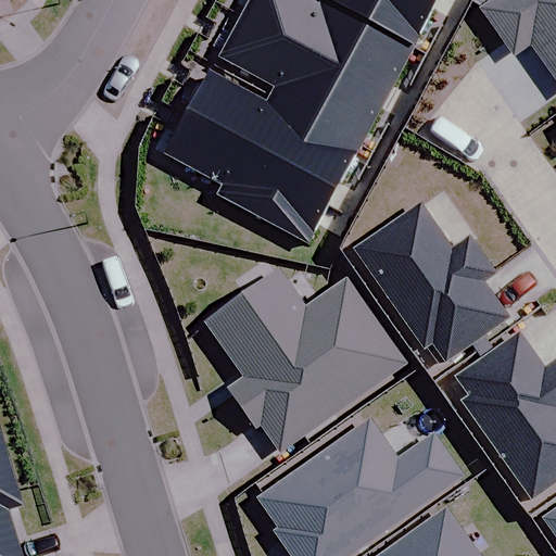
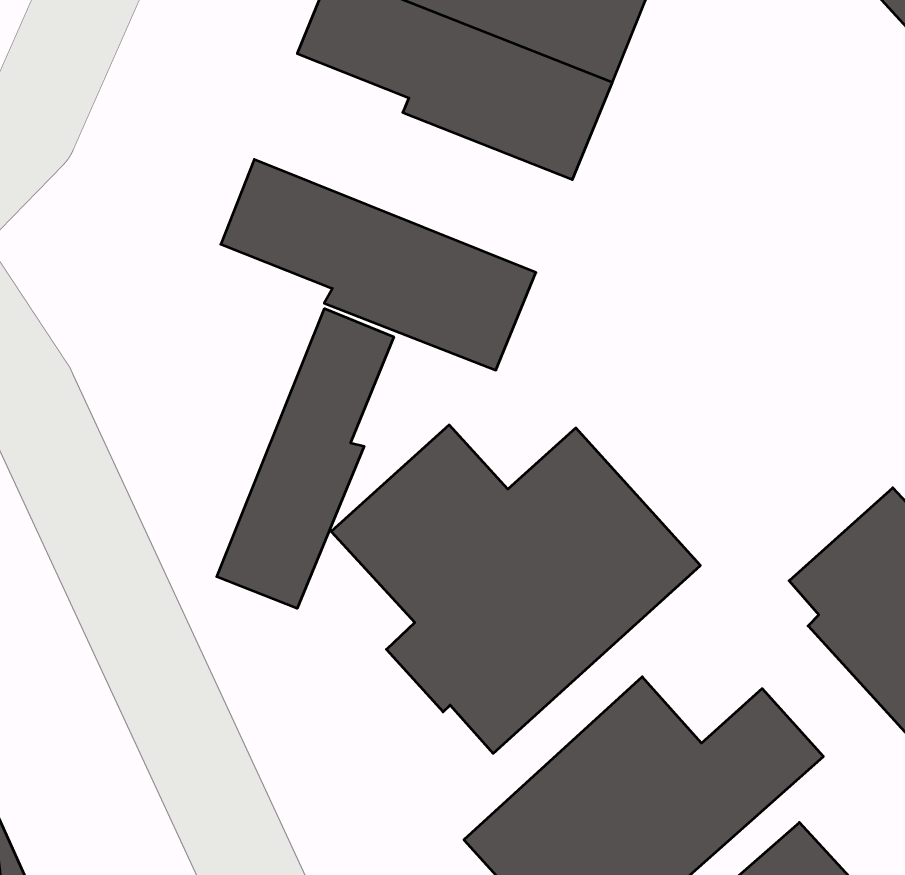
building: [187,72,361,190] -> none
building: none -> [217,309,394,608]
building: [352,200,506,361] -> none

